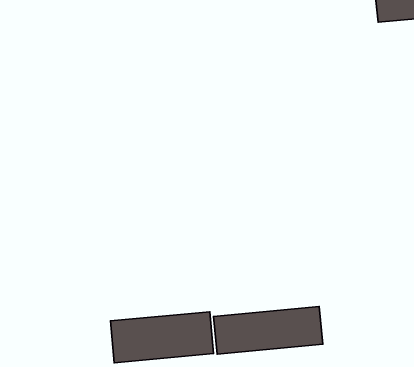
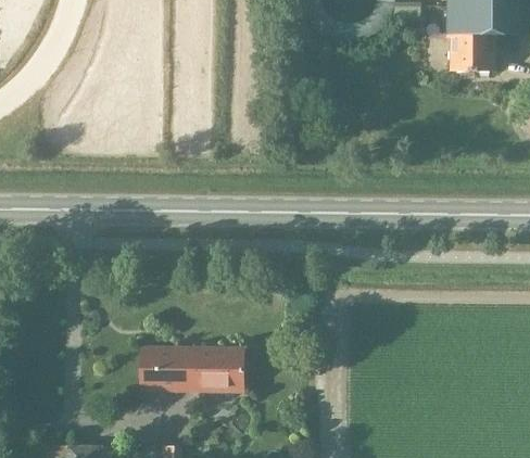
building: [213,307,323,354] -> none

